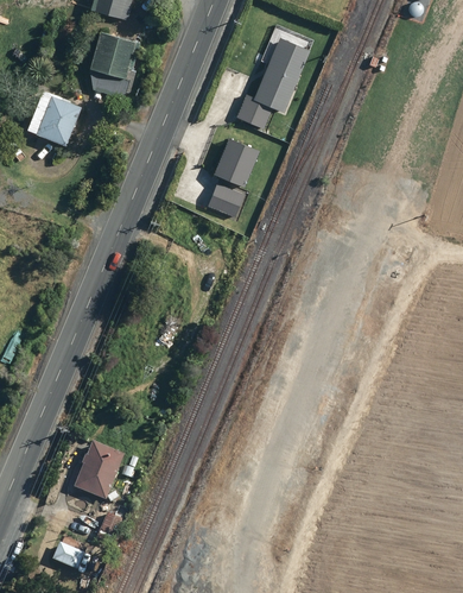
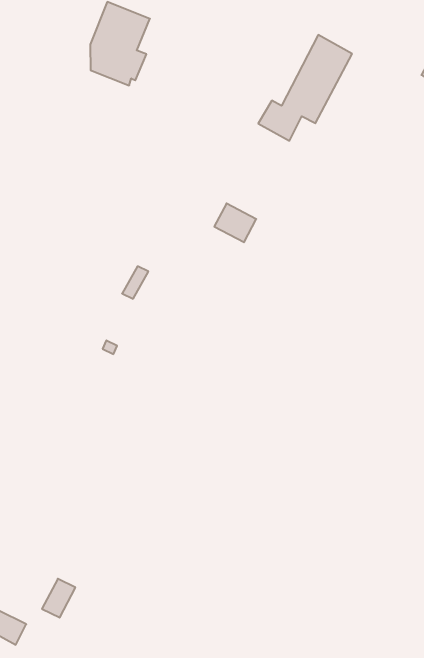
building: [38,92,83,141] -> none
building: [214,139,258,187] -> none
building: [74,441,122,499] -> none

